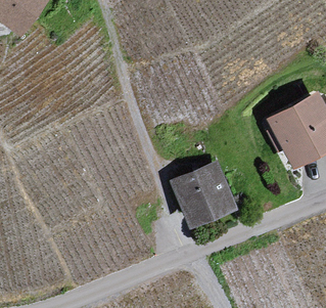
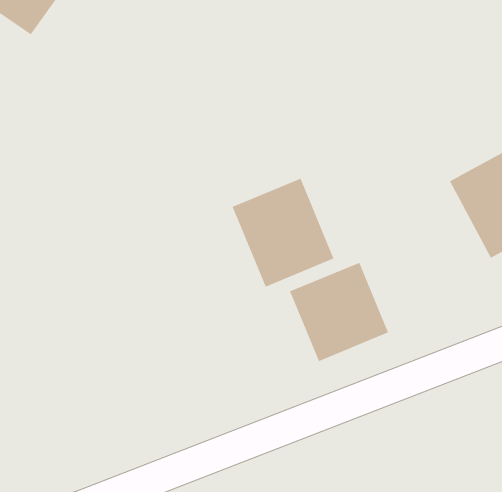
building: none -> [232,178,334,287]

